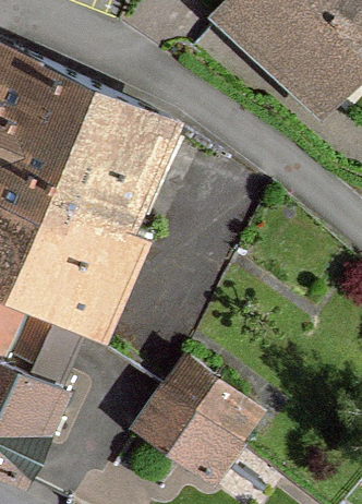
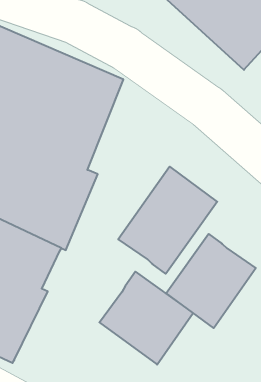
building: none -> [118,167,217,274]
building: none -> [166,234,256,328]

